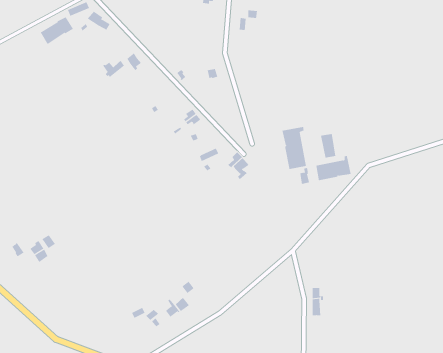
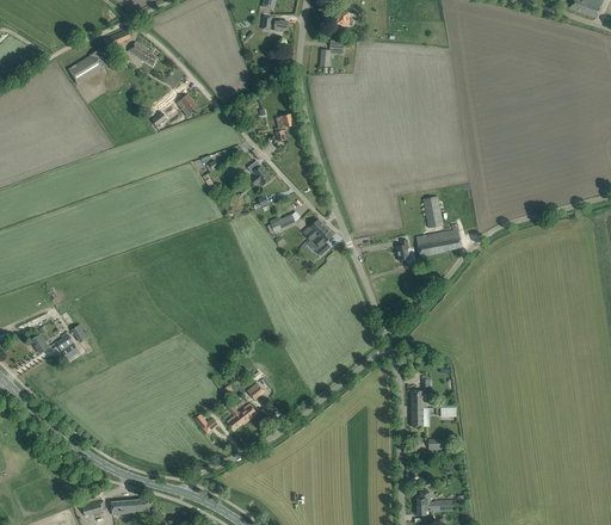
building: [282,126,306,170] -> none

